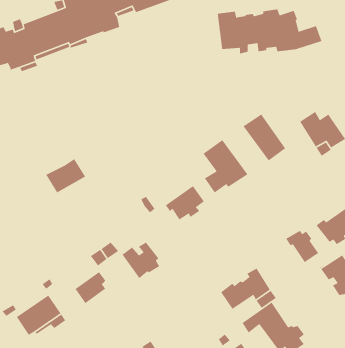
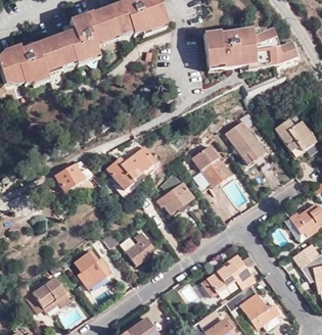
building: none -> [107,145,157,189]
building: [285,230,319,263] -> none

